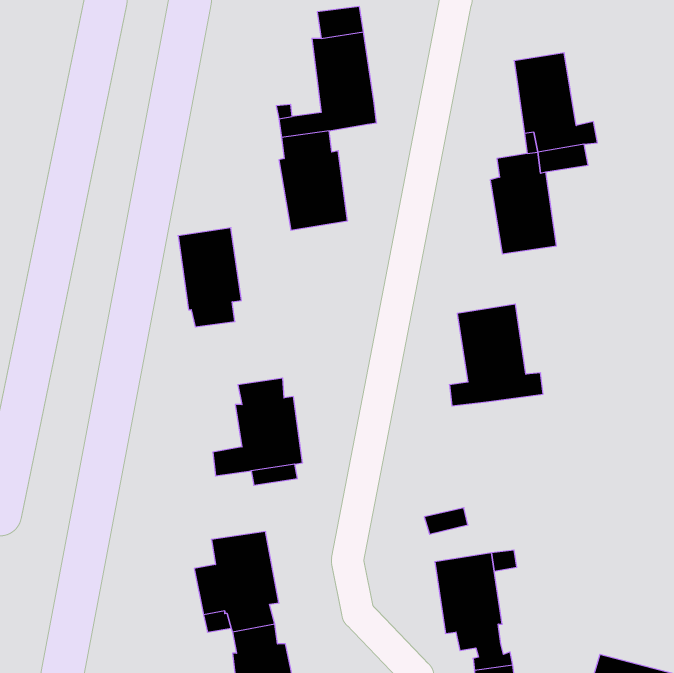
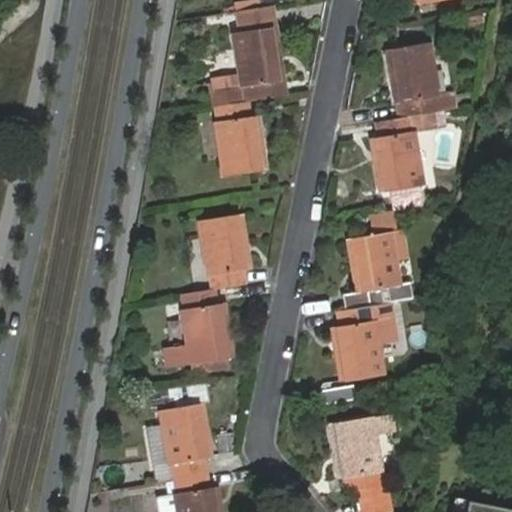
building: [178,228,241,327] -> [202,213,250,288]
building: none -> [334,306,383,380]

